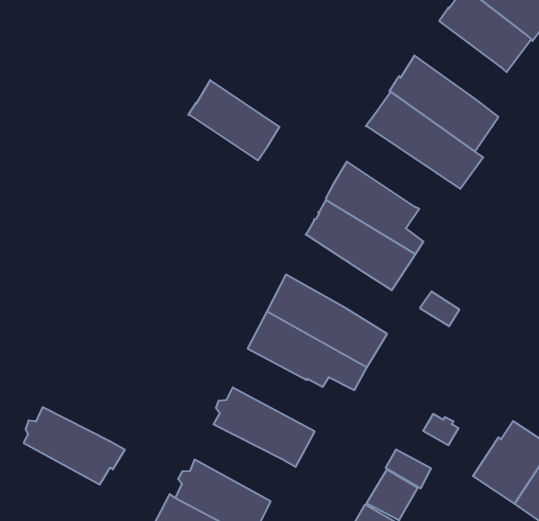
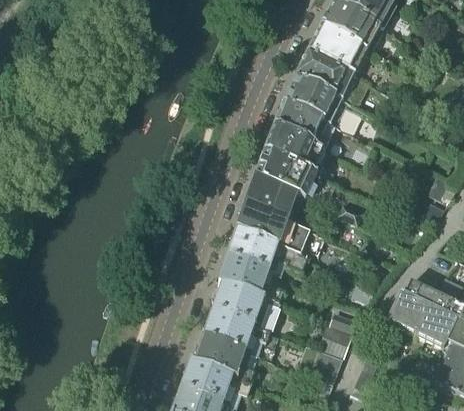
building: none -> [307,25,366,73]
building: [188,80,280,160] -> [272,101,333,149]
building: none -> [244,178,295,222]
building: none -> [217,258,282,306]
building: [24,407,125,484] -> [202,311,269,356]

